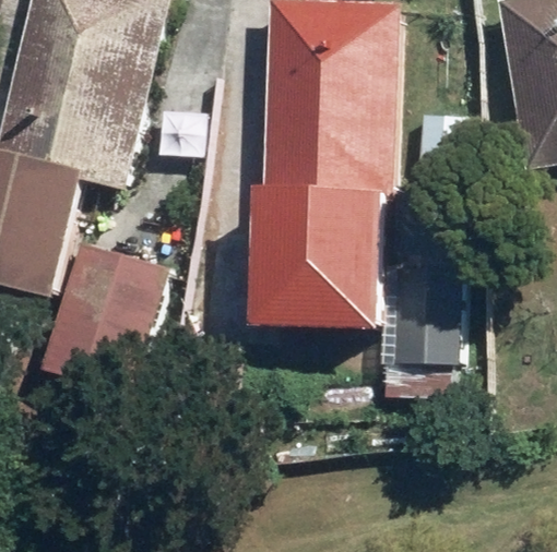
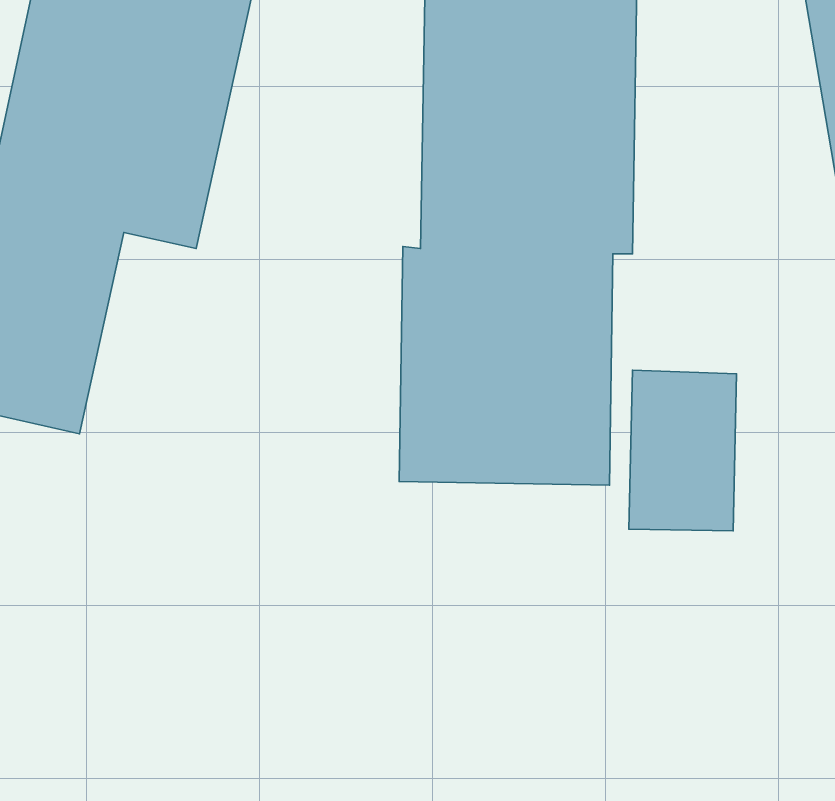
building: [44,236,167,389] -> none

